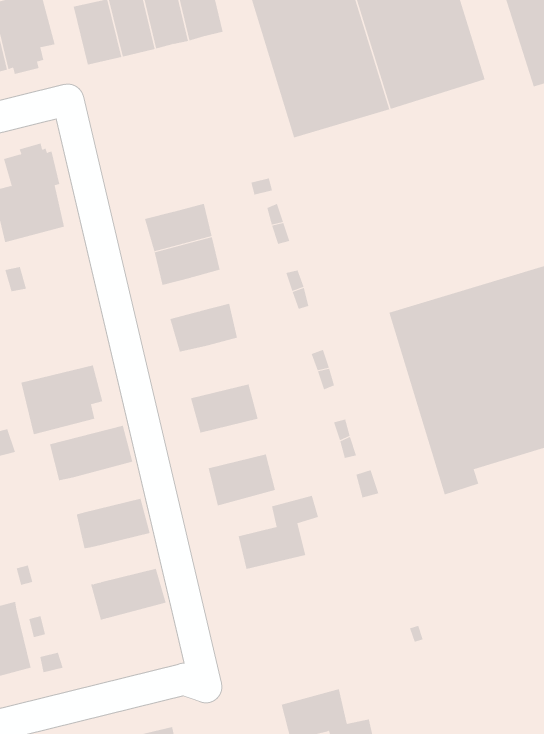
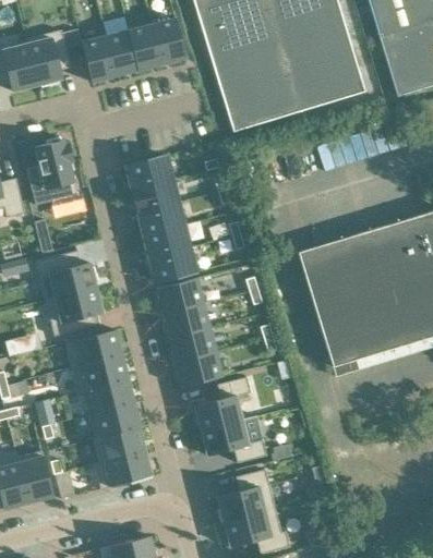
building: none -> [125,153,172,187]
building: none -> [143,222,190,256]
building: none -> [37,254,99,300]
building: none -> [156,276,203,311]
building: none -> [169,325,215,359]
building: none -> [72,354,129,392]
building: none -> [89,403,142,438]
building: none -> [201,418,267,463]
building: none -> [95,451,152,489]
building: none -> [218,470,275,522]

